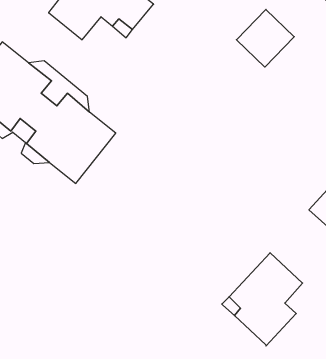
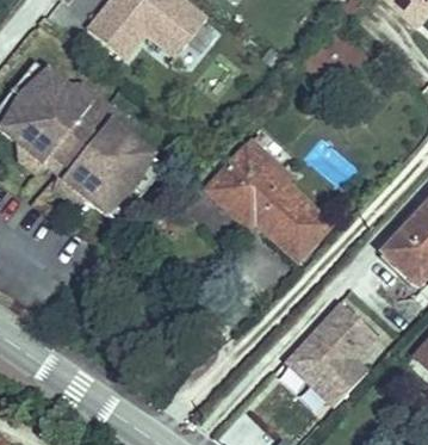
building: none -> [205,137,331,259]

